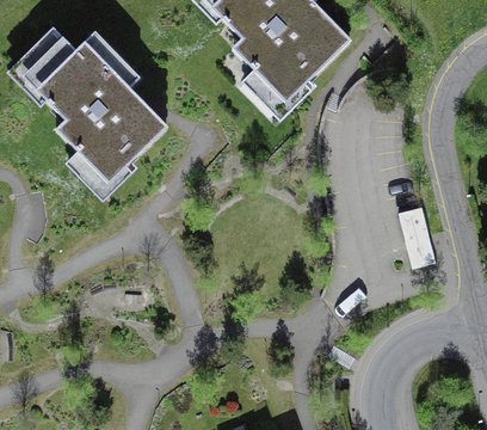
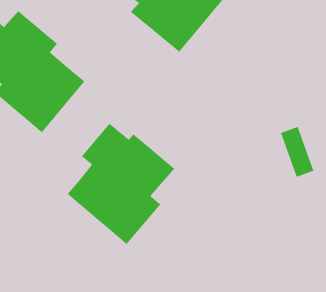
building: none -> [67,123,175,245]

